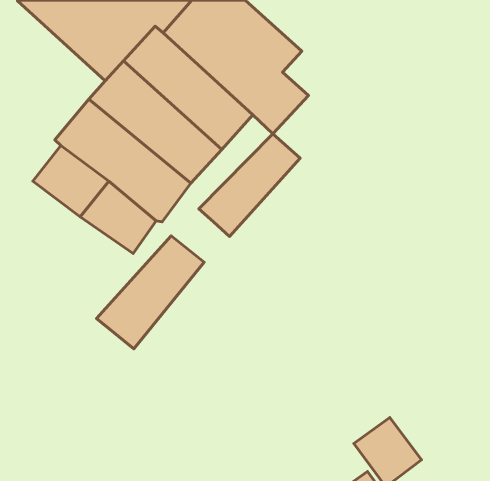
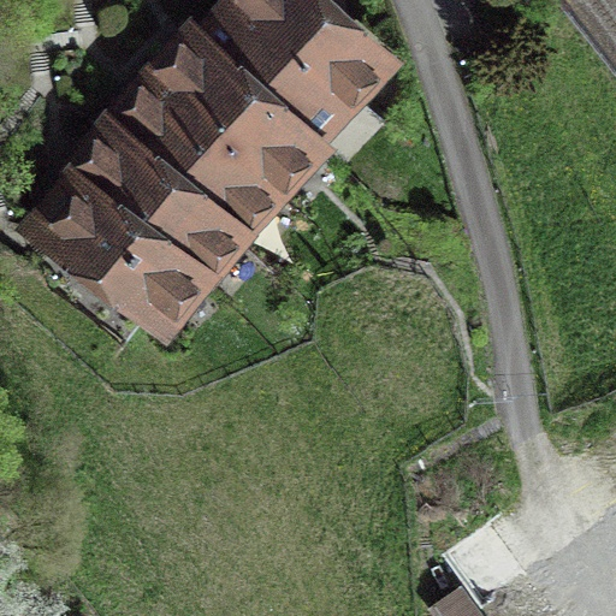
building: [199,134,300,237] -> none
building: [97,236,204,349] -> none

